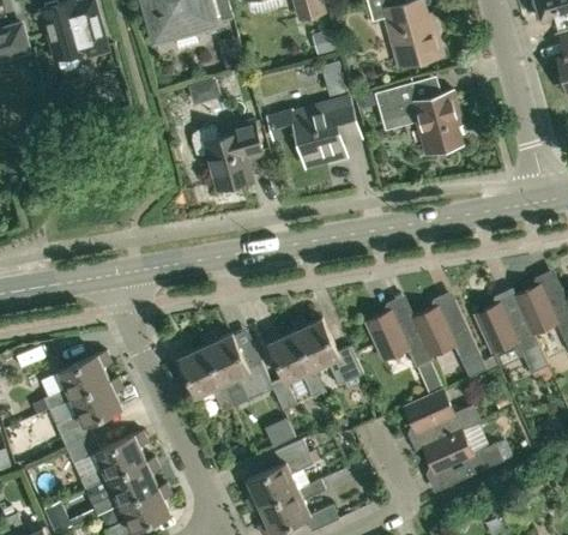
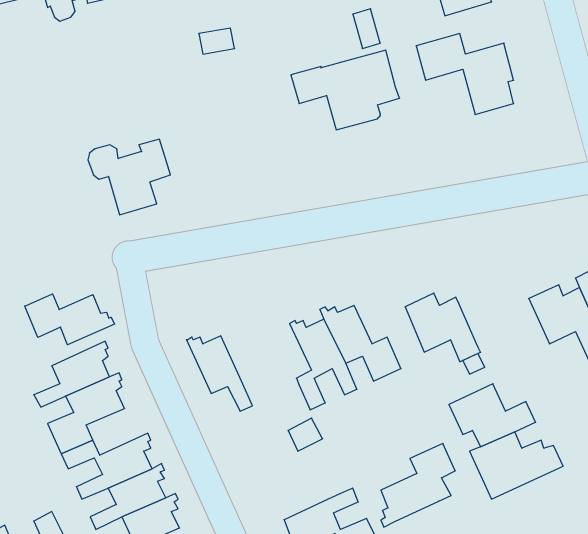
building: [191,121,262,187] -> [88,139,170,215]
building: [412,297,485,375] -> none
building: none -> [25,294,115,345]
building: [201,333,273,399] -> none
building: [248,438,313,511] -> [381,443,455,527]

